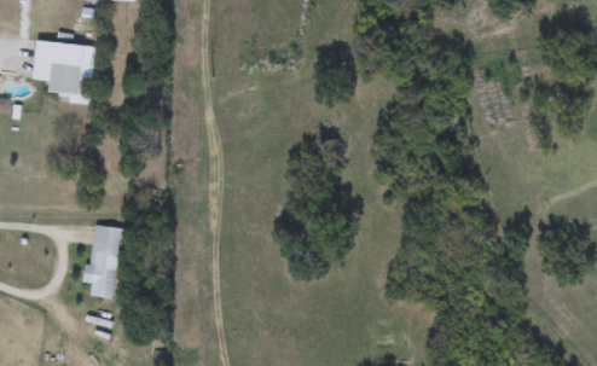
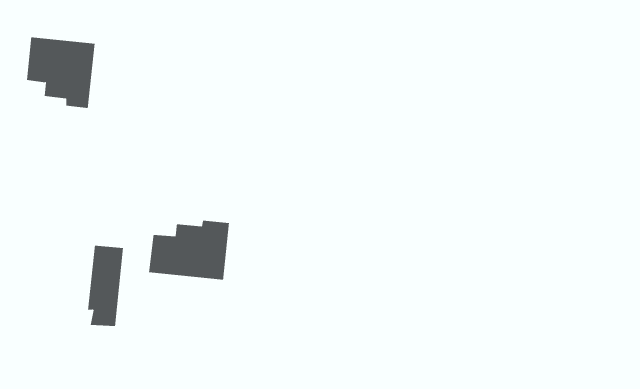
building: none -> [149,220,230,280]

